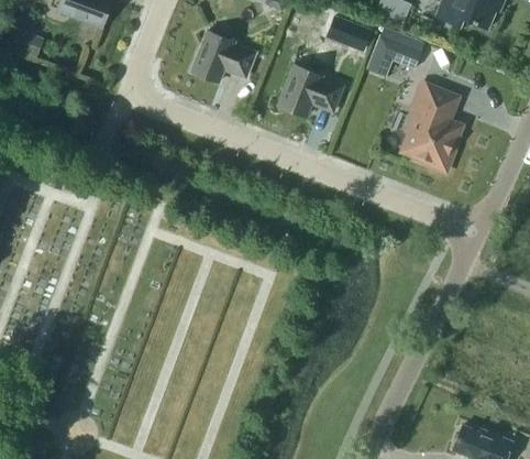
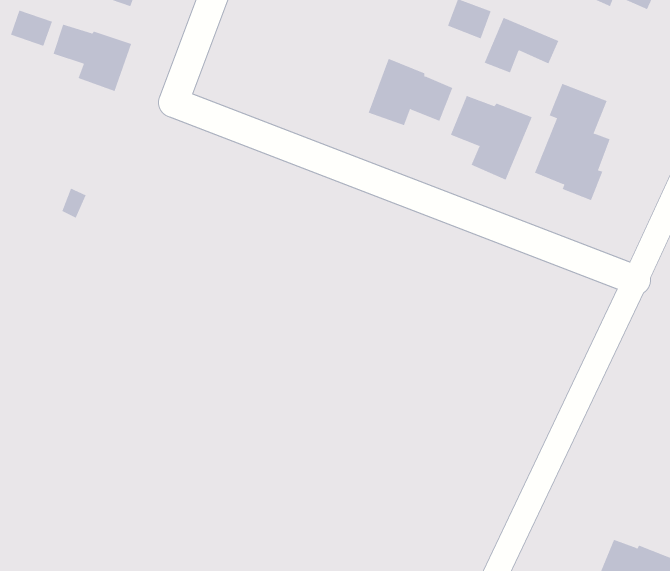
building: [191,30,256,80] -> none
building: none -> [53,24,132,92]
building: none -> [450,95,532,181]

